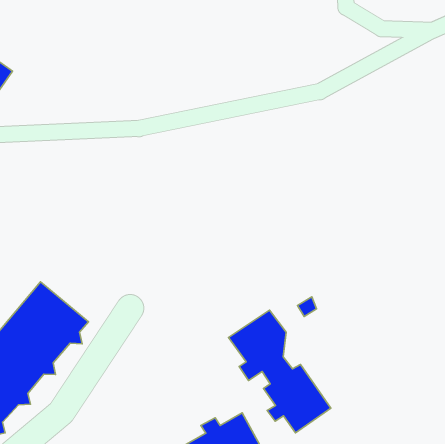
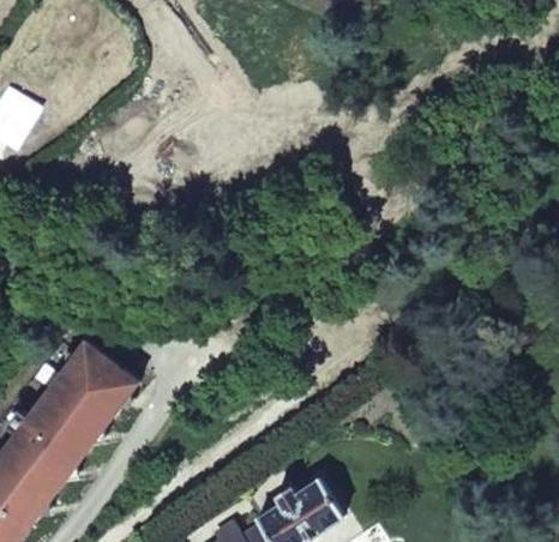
building: [229,310,331,433] -> none

